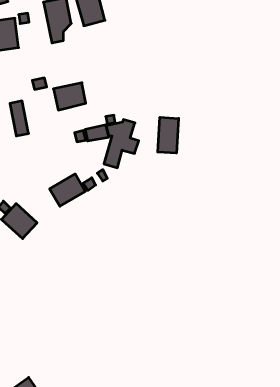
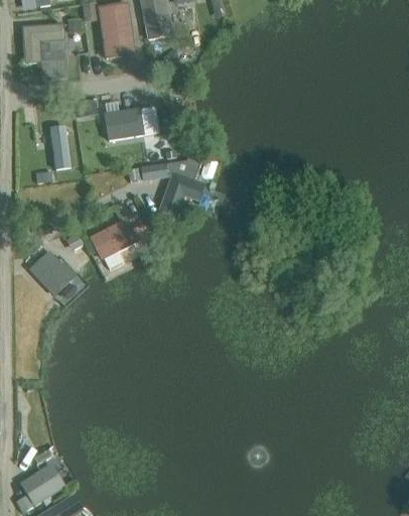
building: [158,117,179,153] -> none

